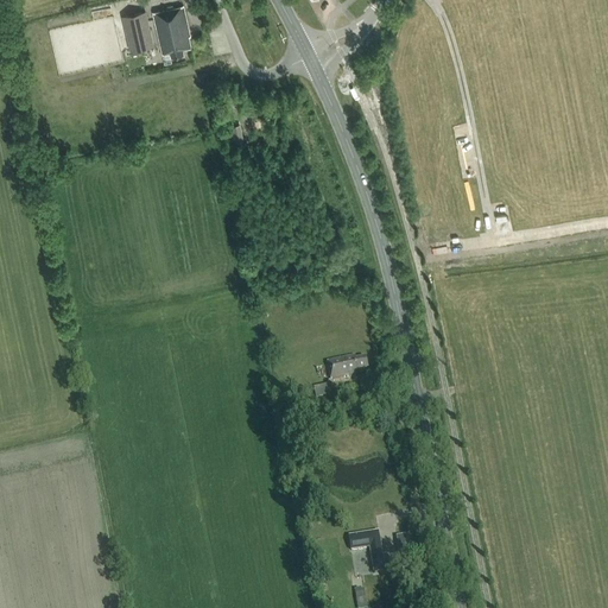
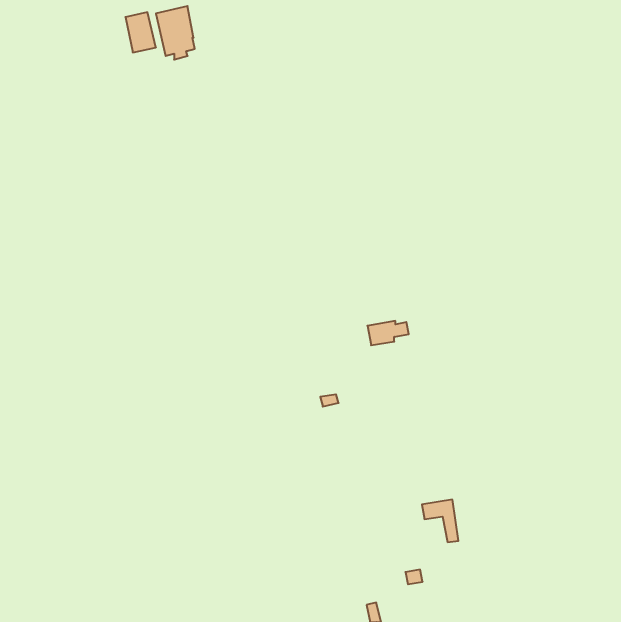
building: [327,356,367,380] -> [367,321,409,345]
building: [348,532,384,574] -> [422,500,458,542]

